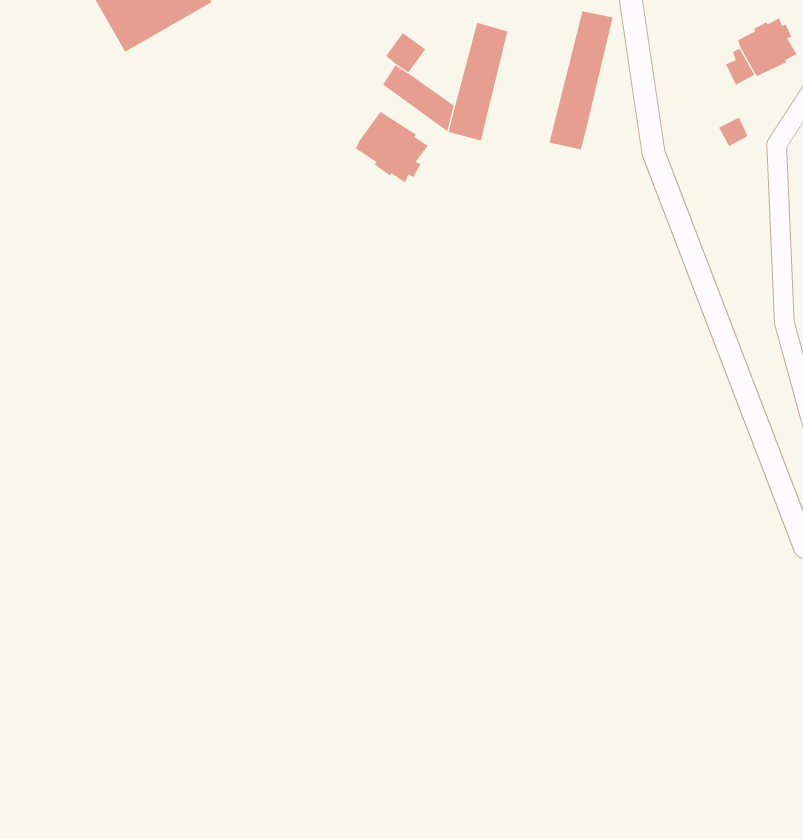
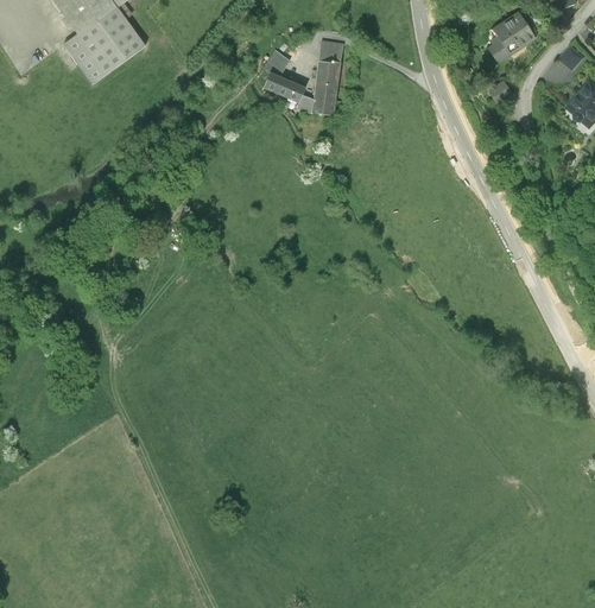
building: [549,10,613,150] -> none
building: [355,111,429,183] -> none

